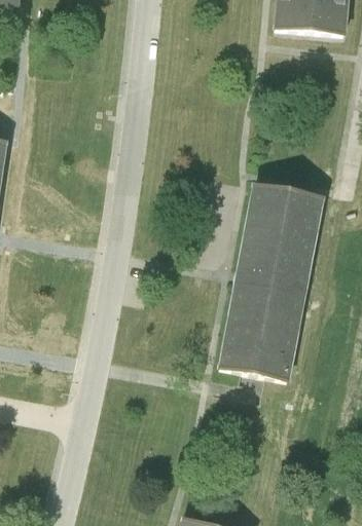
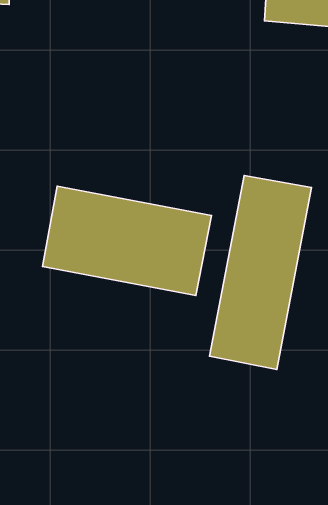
building: none -> [42,186,211,296]

